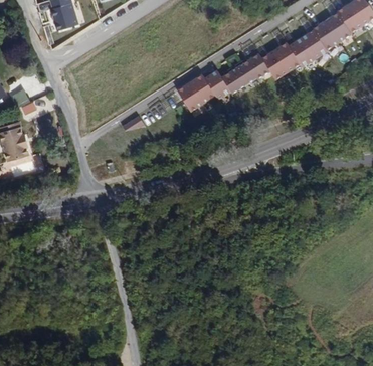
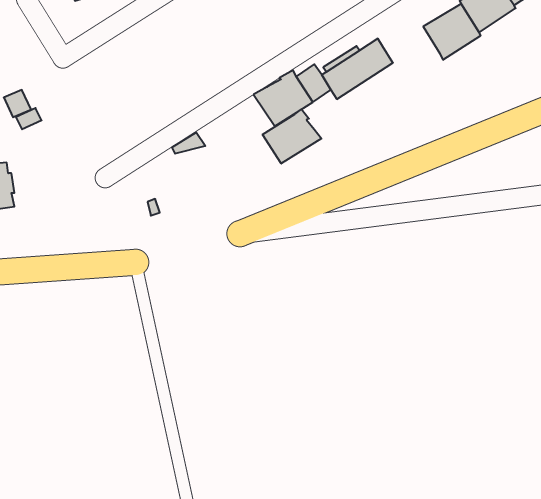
building: [264,41,303,78] -> none
building: none -> [263,109,321,164]

